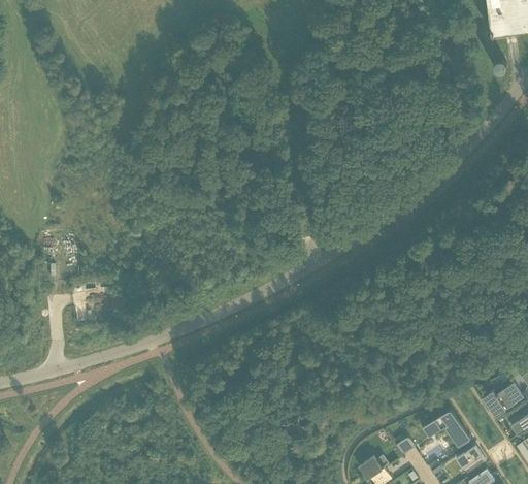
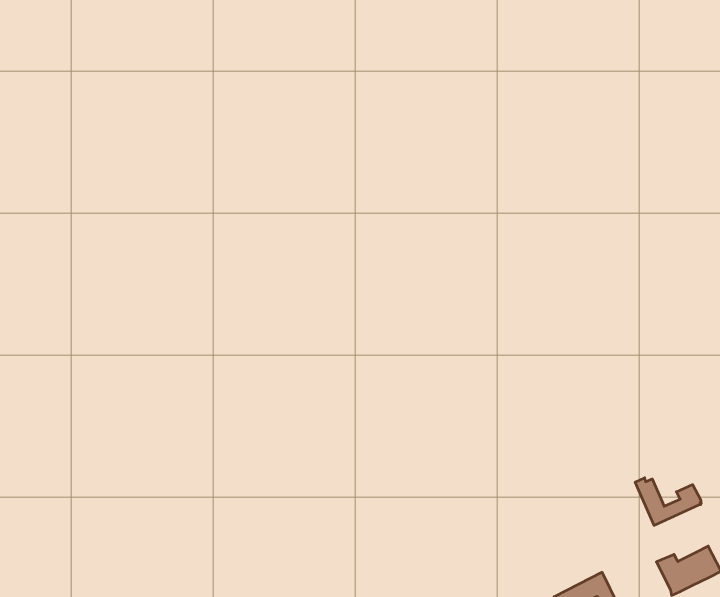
building: none -> [635,478,701,525]

